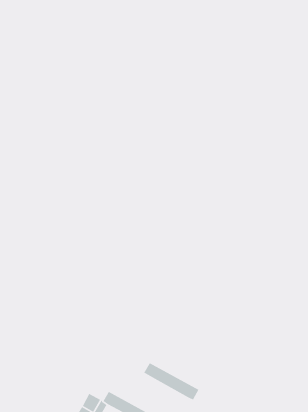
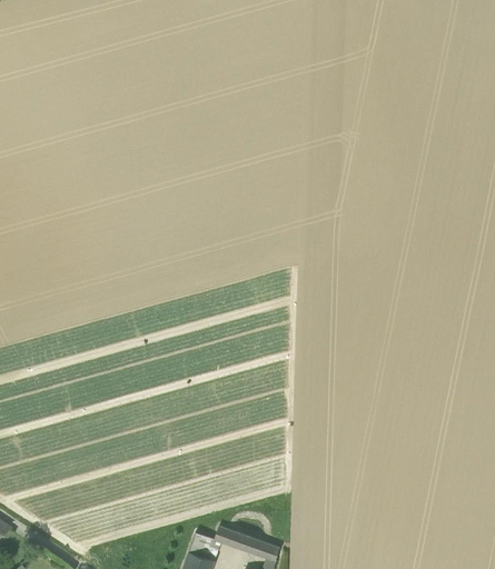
building: [143,362,199,400] -> none

